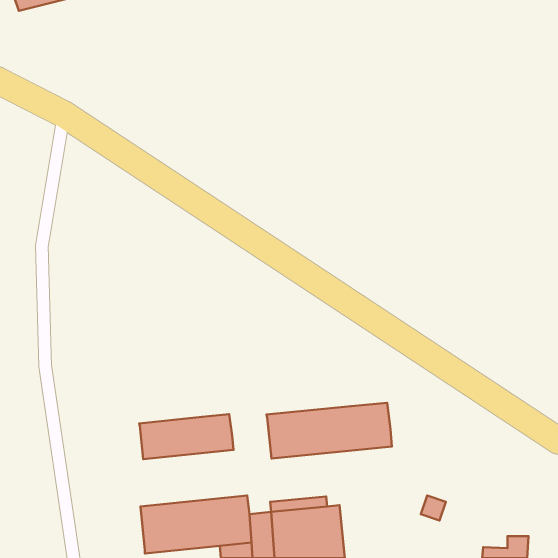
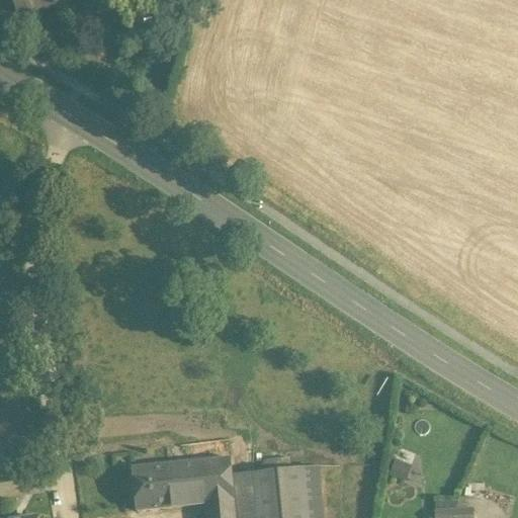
building: [267,403,392,458] -> none
building: [139,414,233,459] -> none

